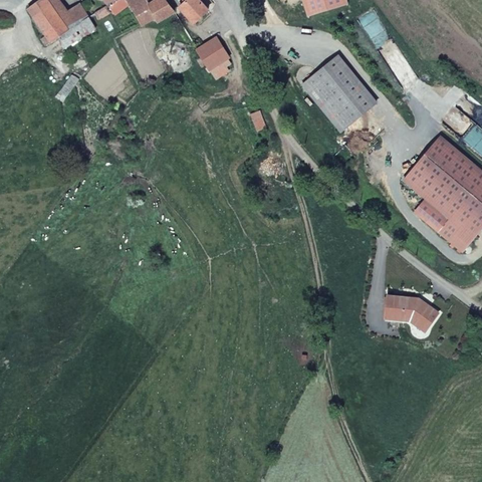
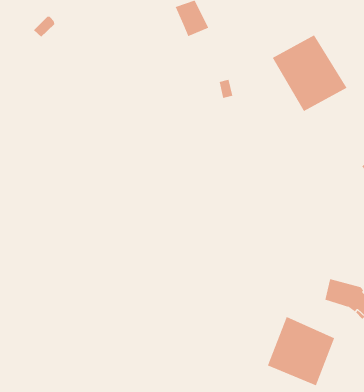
building: none -> [267,316,335,386]

